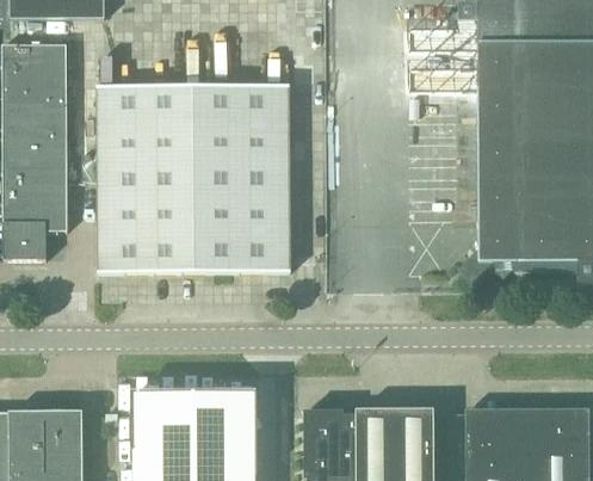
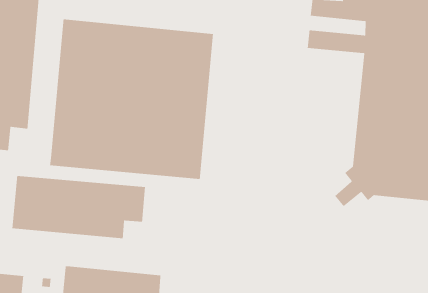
building: none -> [12,175,146,239]

